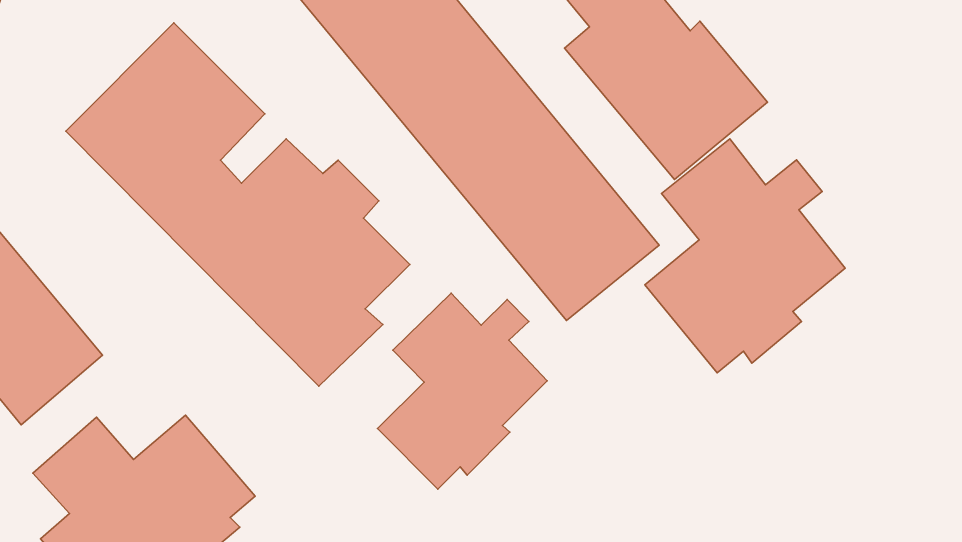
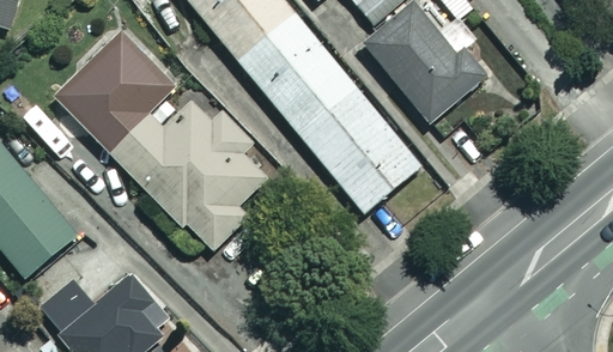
building: [645,139,845,373] -> none
building: [378,293,547,489] -> none

